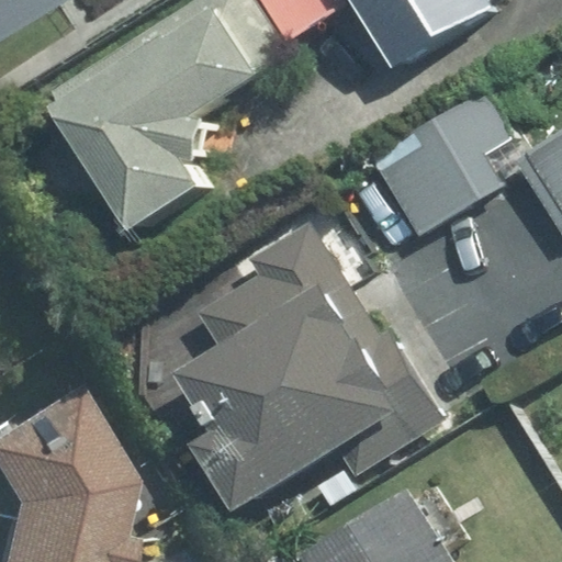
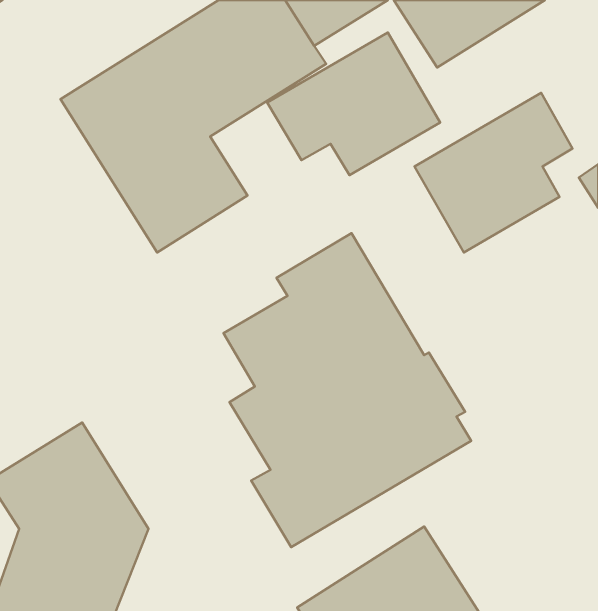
building: none -> [267,33,440,175]

